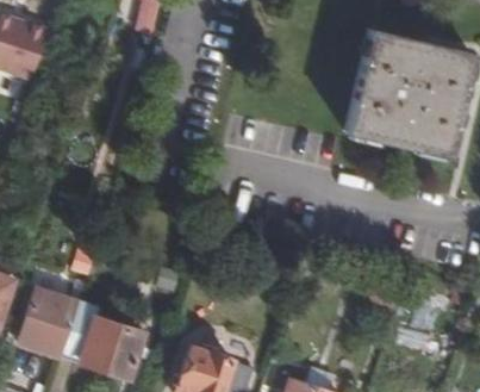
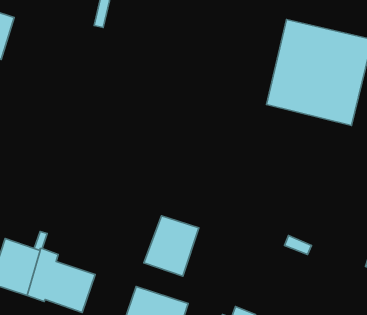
building: none -> [144,216,199,276]

